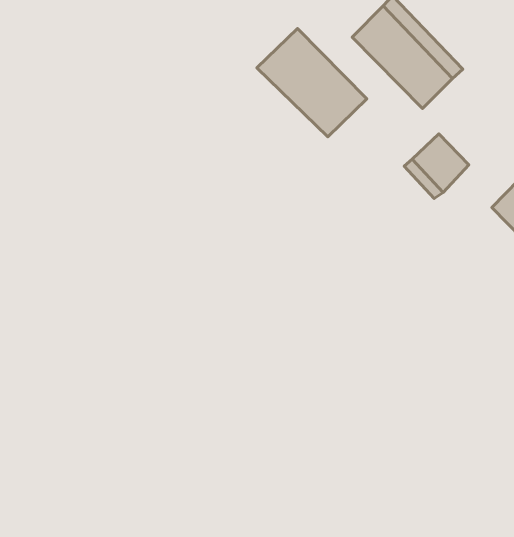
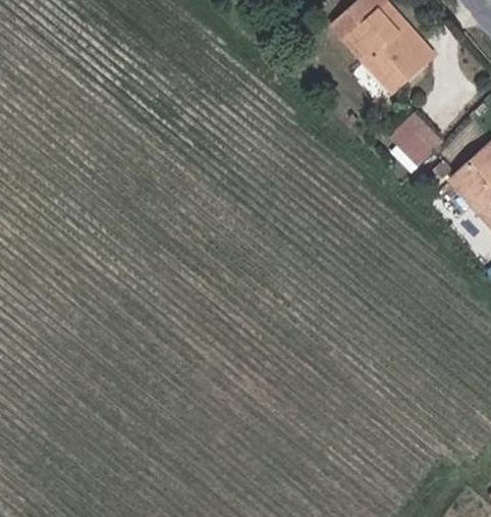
building: [257,28,367,137] -> none

